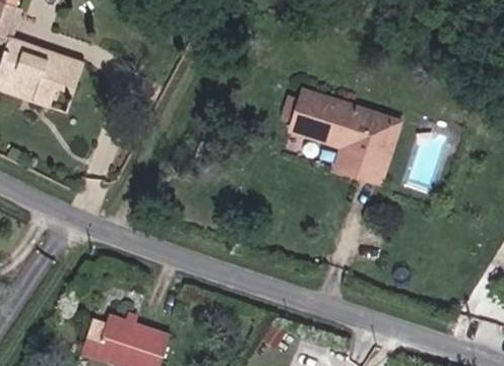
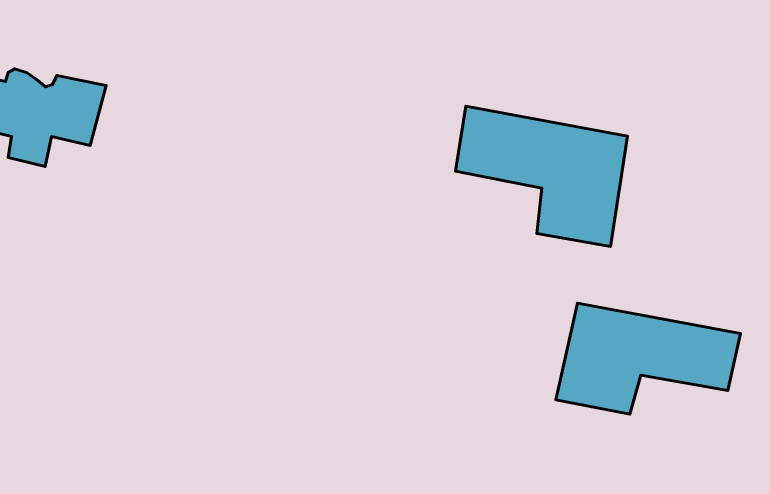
building: none -> [556,303,740,414]

